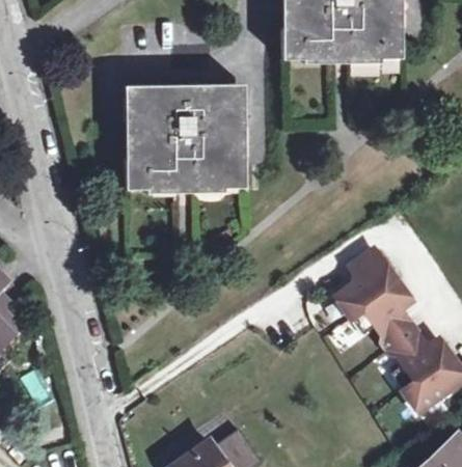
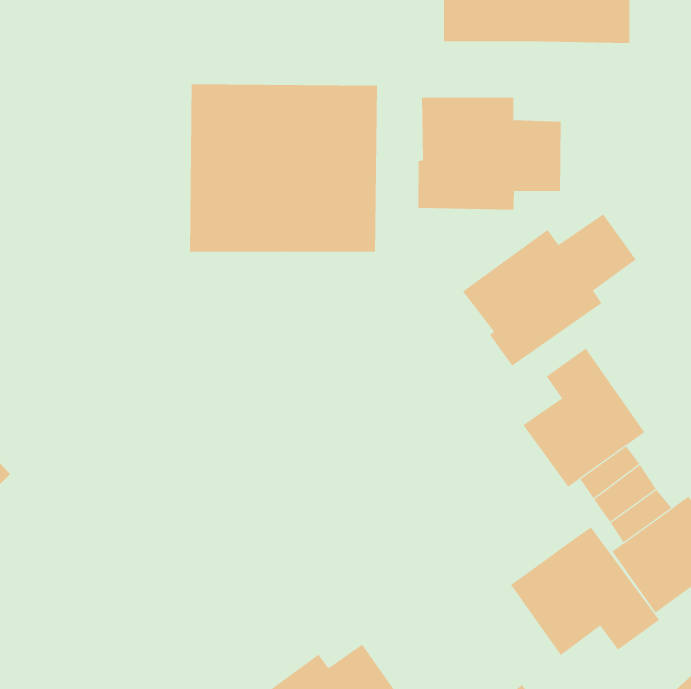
building: none -> [418,97,561,210]
building: none -> [462,213,637,366]
building: none -> [510,526,660,656]

